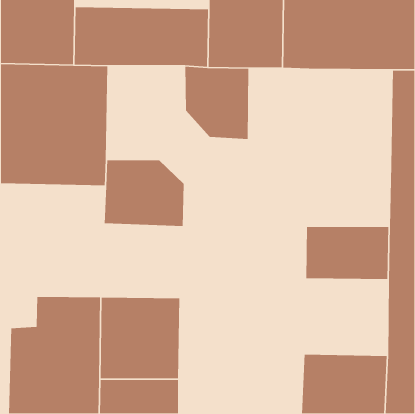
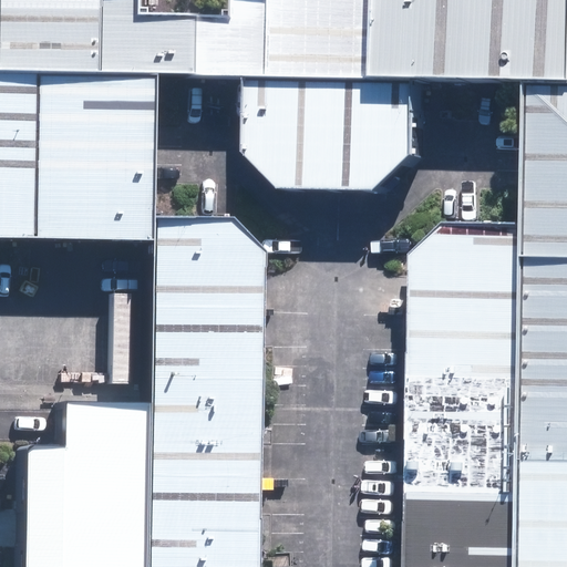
building: none -> [339,93,421,190]
building: none -> [417,224,533,308]
building: none -> [137,305,250,405]
building: none -> [414,380,529,484]

